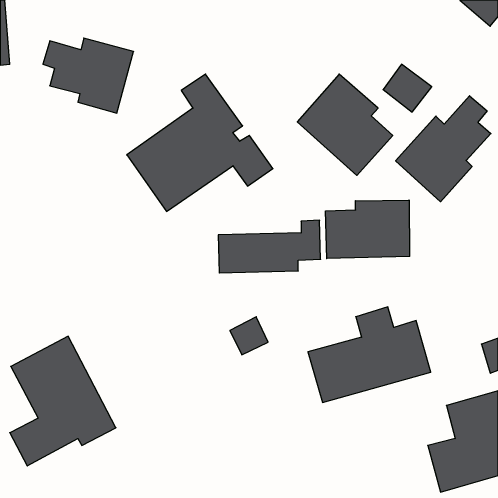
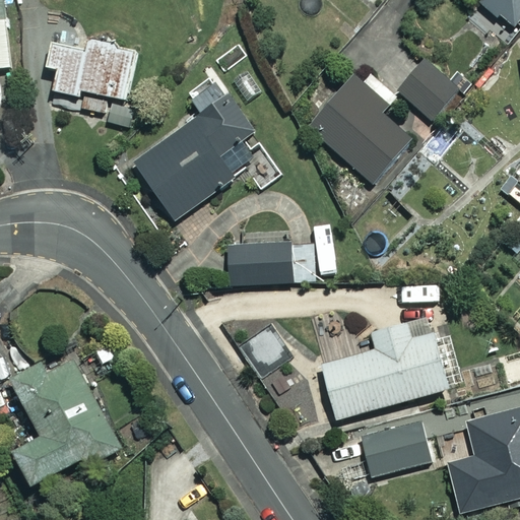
building: [396,96,491,202] -> none
building: [326,200,410,259] -> none
building: none -> [361,420,430,478]

